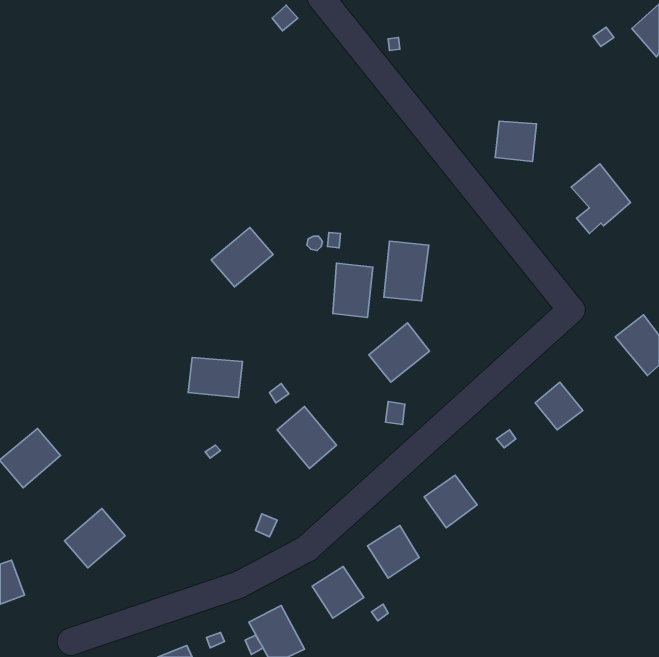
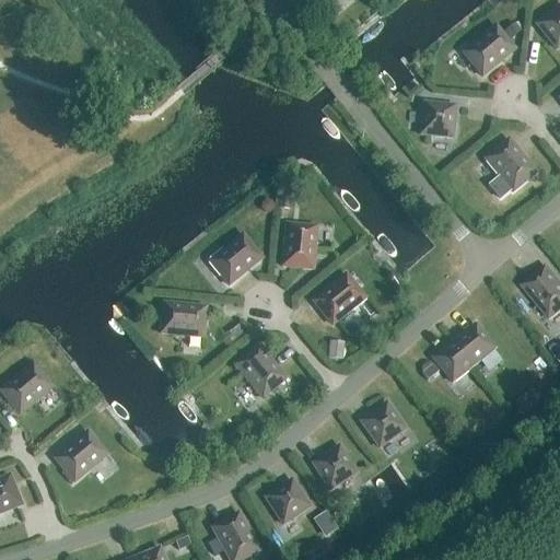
building: none -> [463,25,514,75]
building: [211,228,273,287] -> [209,234,261,284]
building: [384,241,429,301] -> none
building: none -> [433,341,472,382]

